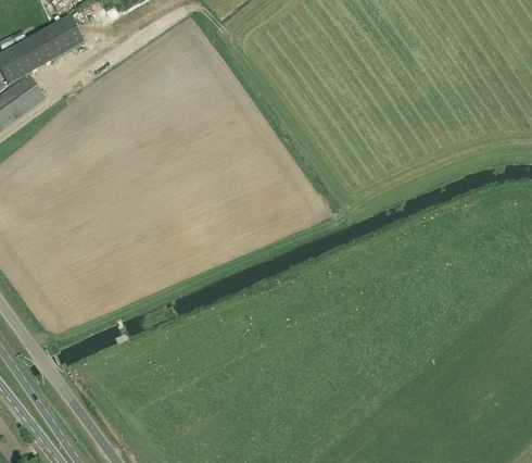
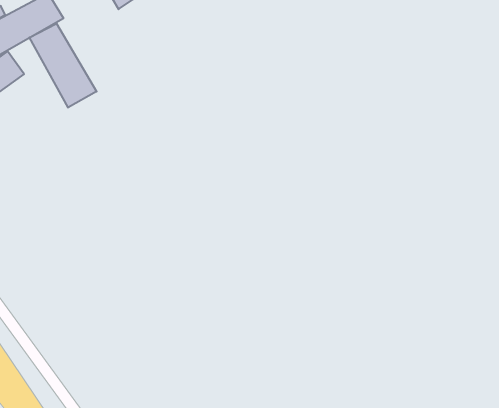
building: none -> [29,23,97,108]

